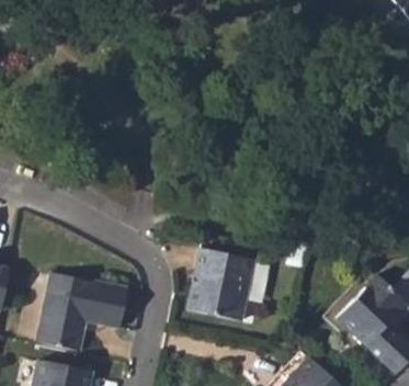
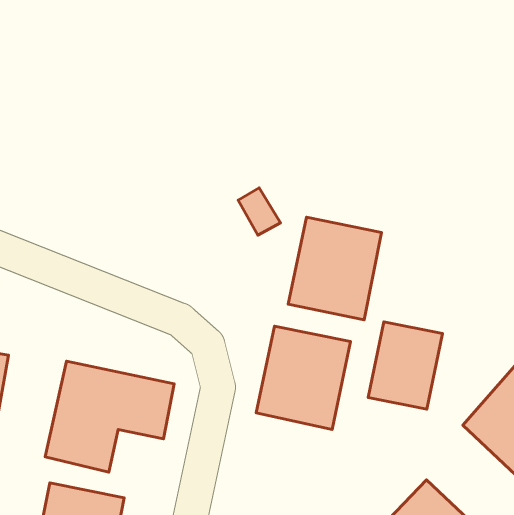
building: none -> [288,217,381,320]
building: none -> [368,322,442,409]

